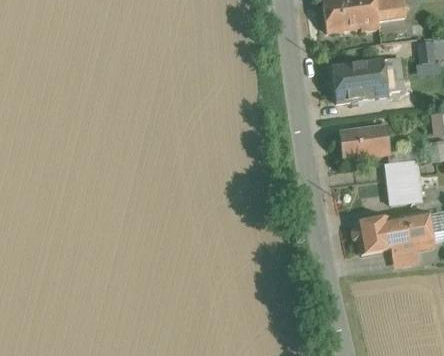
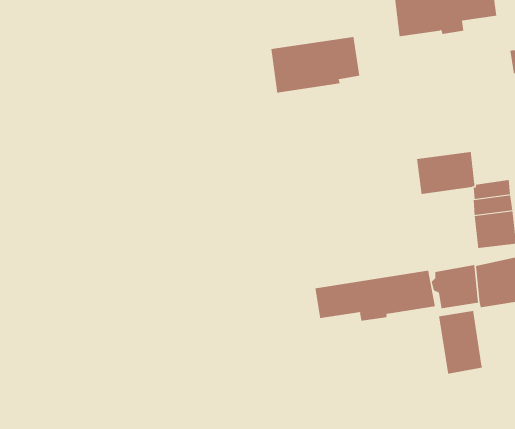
building: [331,57,404,103] -> [270,37,360,93]
building: none -> [315,270,436,322]
building: none -> [438,310,483,374]

